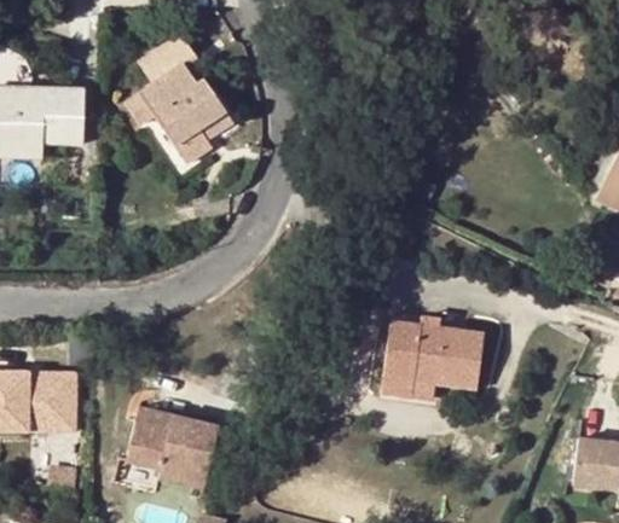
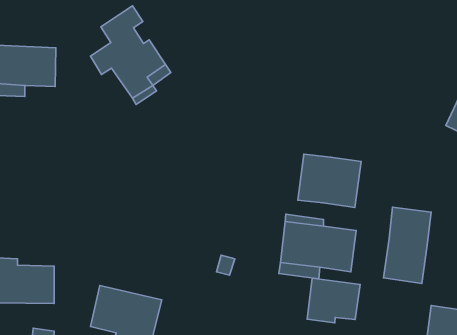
building: none -> [298,154,361,207]
building: none -> [383,207,431,284]
building: none -> [307,278,360,323]

